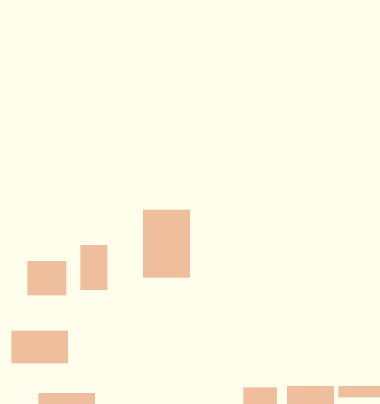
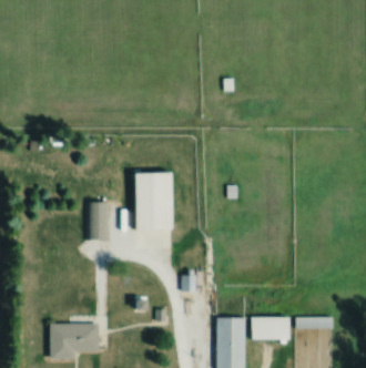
building: [27,260,67,296] -> none
building: [11,330,69,364] -> none

